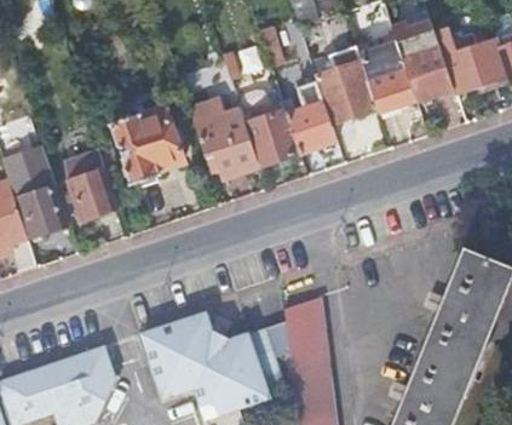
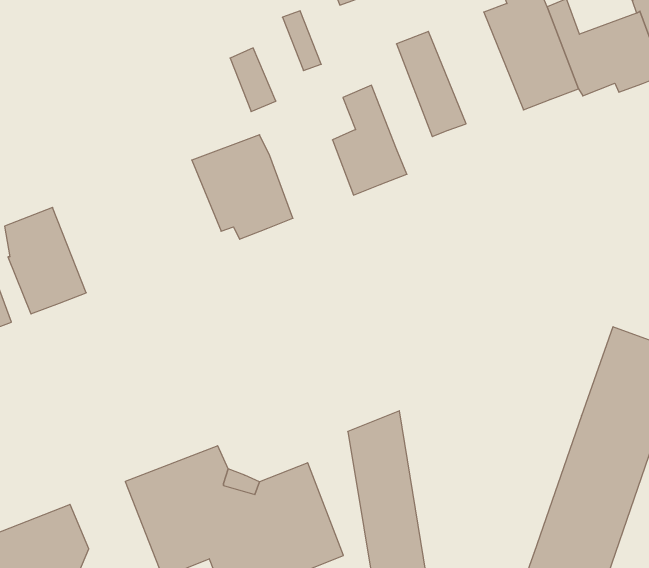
building: [356,33,416,115] -> none
building: [315,52,355,122] -> none
building: [113,109,184,183] -> none
building: [246,109,300,165] -> none

